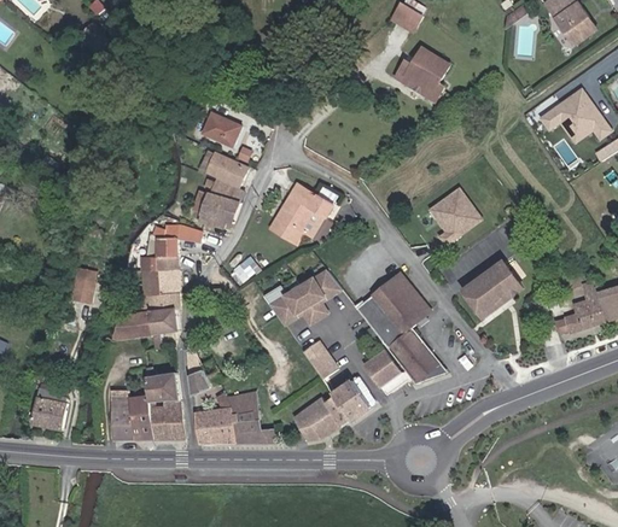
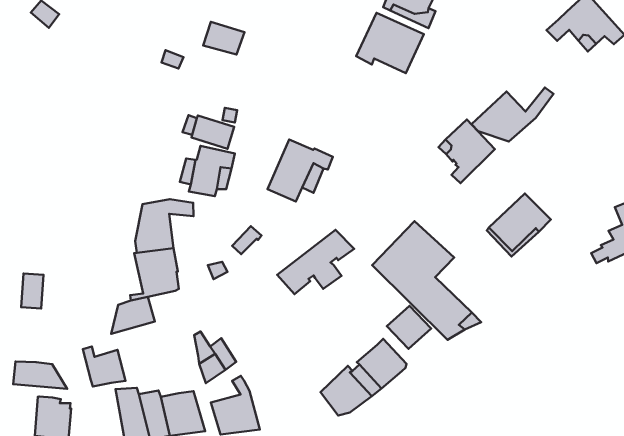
building: none -> [356,13,424,73]
building: [203,112,241,145] -> [203,22,244,55]
building: none -> [472,87,553,142]
building: [72,268,97,301] -> [21,273,44,308]
building: [150,308,179,347] -> none
building: [302,340,336,379] -> none
building: none -> [13,362,67,389]
building: [145,365,180,402] -> [83,347,126,387]
building: [227,391,273,443] -> none

